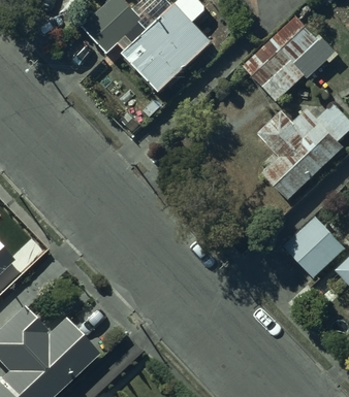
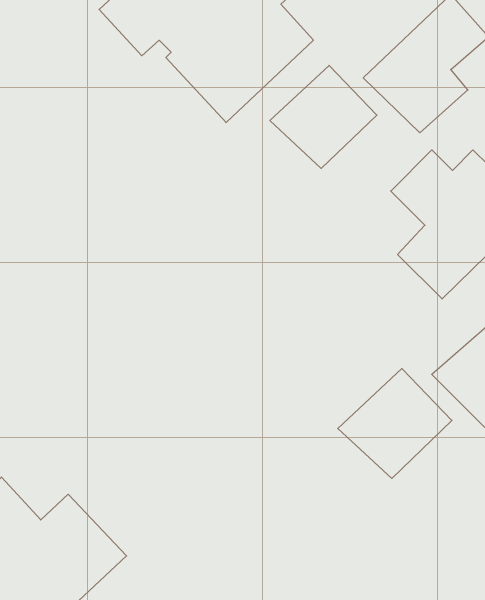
building: none -> [270,65,377,168]
building: none -> [338,369,452,478]

